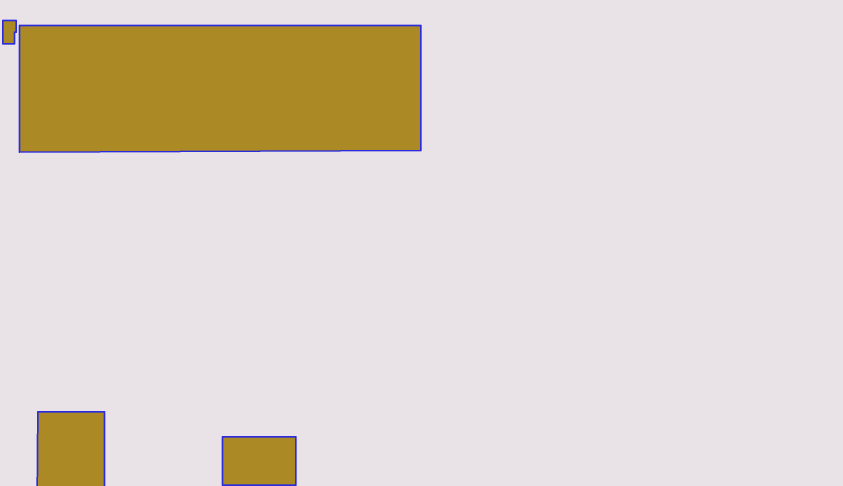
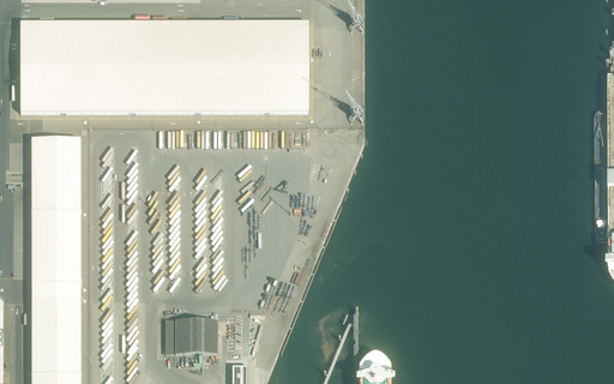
building: none -> [32,138,80,300]

